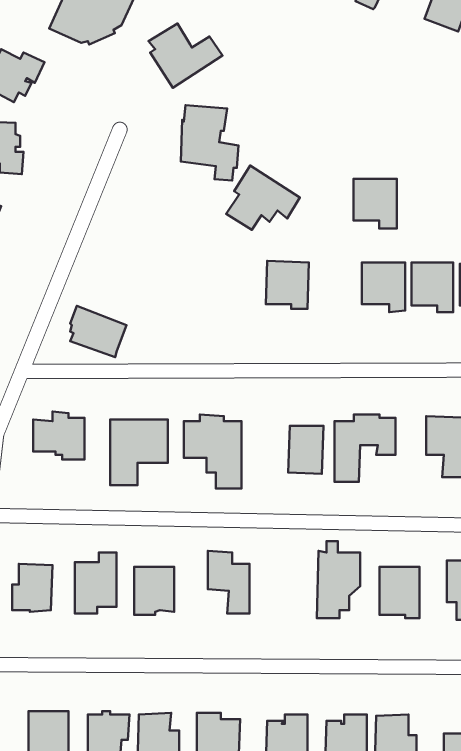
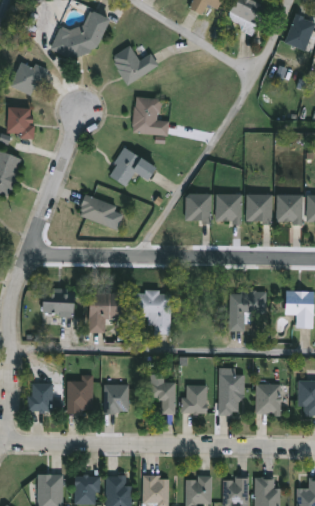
building: [226,166,300,230] -> [109,146,155,186]
building: [354,179,397,229] -> [216,194,243,225]
building: [70,306,126,357] -> [81,194,116,226]
building: none -> [182,385,207,415]

